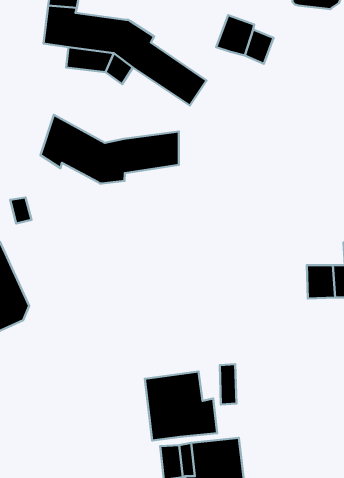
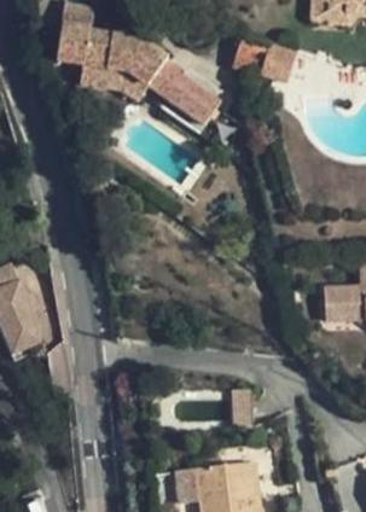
building: [40,115,179,184] -> none
building: [145,372,217,441] -> none

